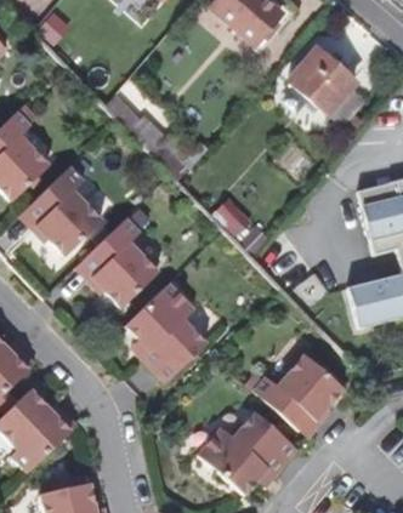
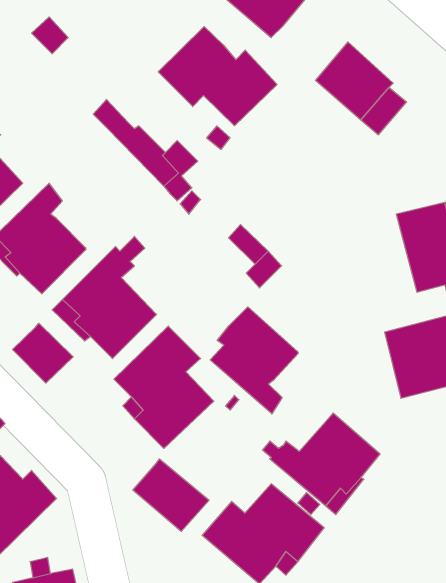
building: none -> [158,27,277,126]
building: none -> [210,307,298,414]
building: none -> [13,323,73,383]
building: none -> [133,459,209,531]

